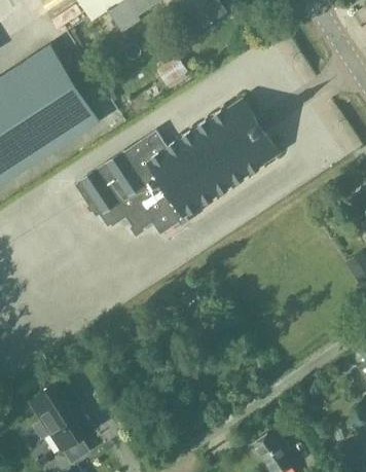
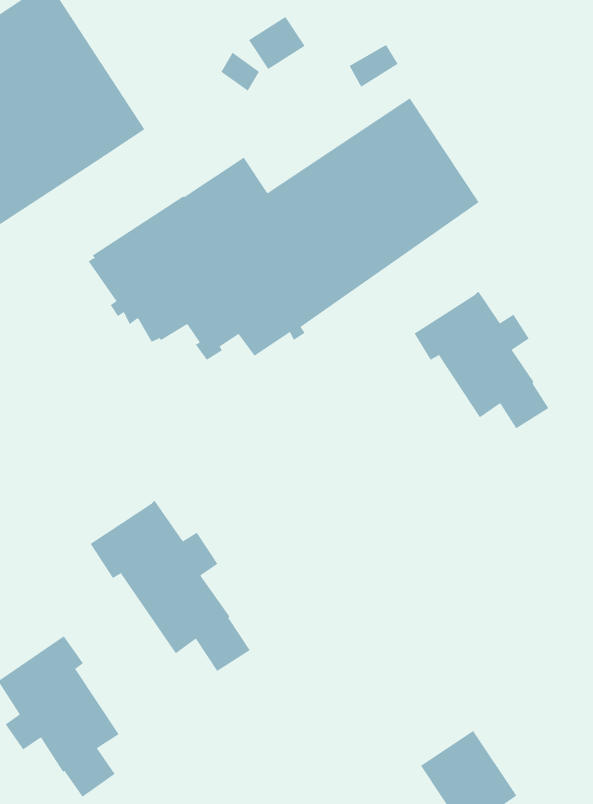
building: none -> [414,291,549,429]
building: none -> [90,500,251,672]

